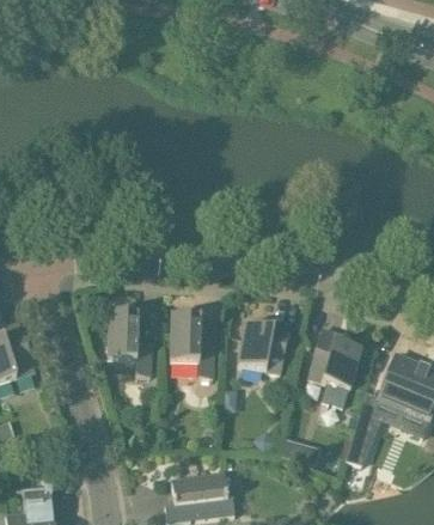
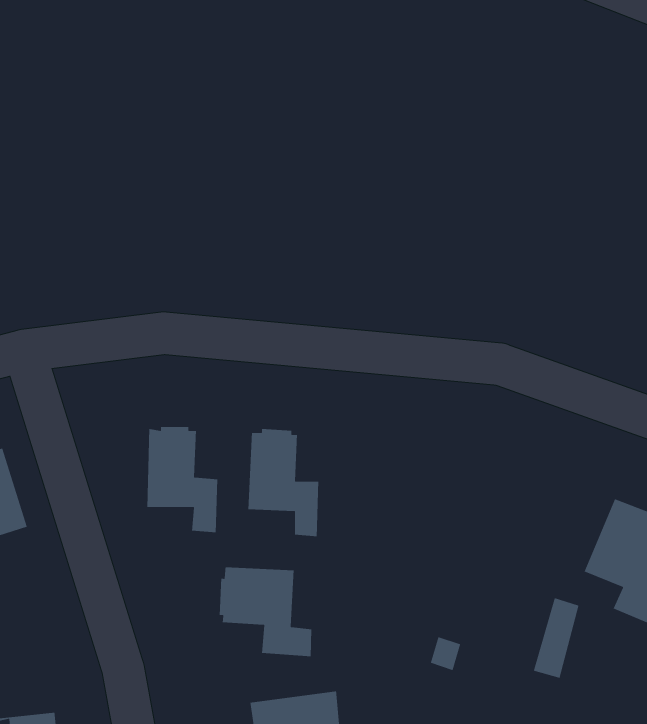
building: [238,318,291,372] -> none
building: [307,326,361,405] -> none
building: none -> [219,566,312,657]

